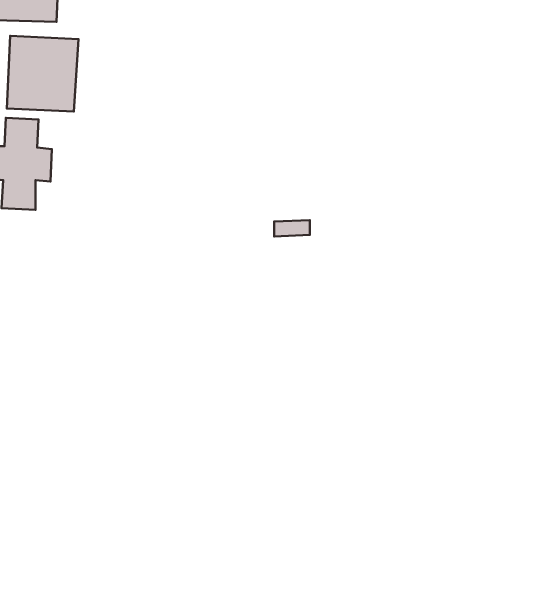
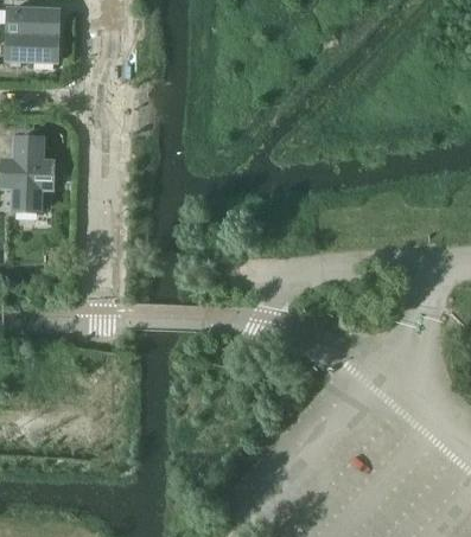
building: [7,36,79,112] -> none

